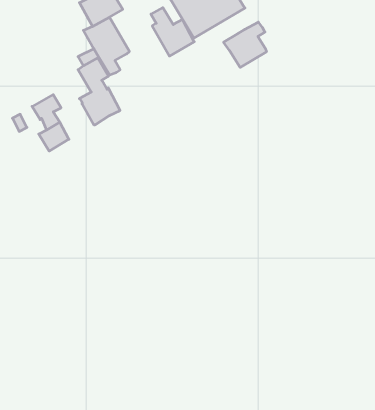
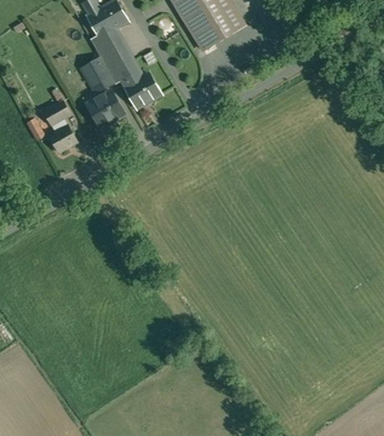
building: [151,8,194,56] -> [121,64,161,109]
building: [224,22,266,67] -> none

